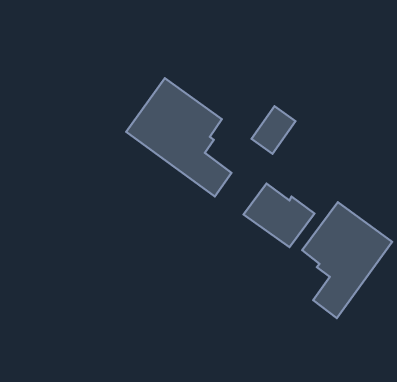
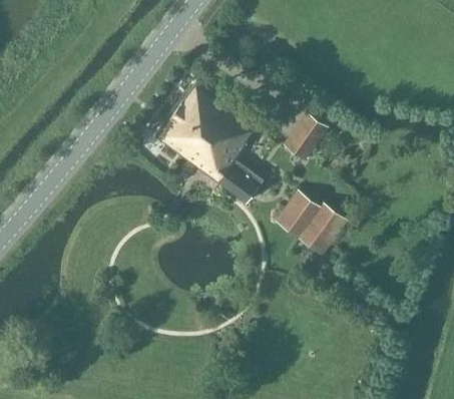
building: [302,202,392,318] -> none

